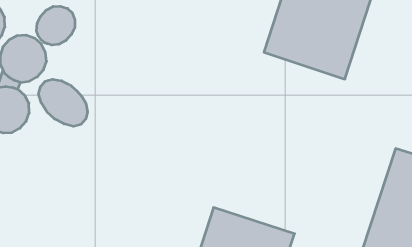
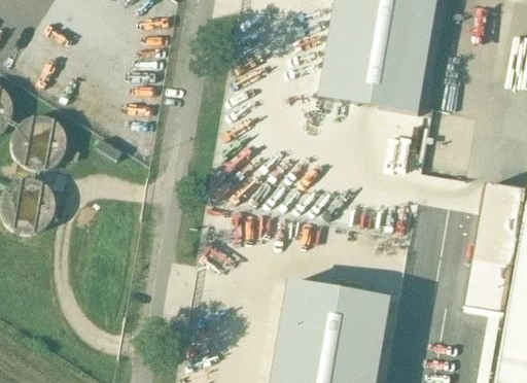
building: [36,6,75,45] -> none
building: [39,79,87,126] -> none

